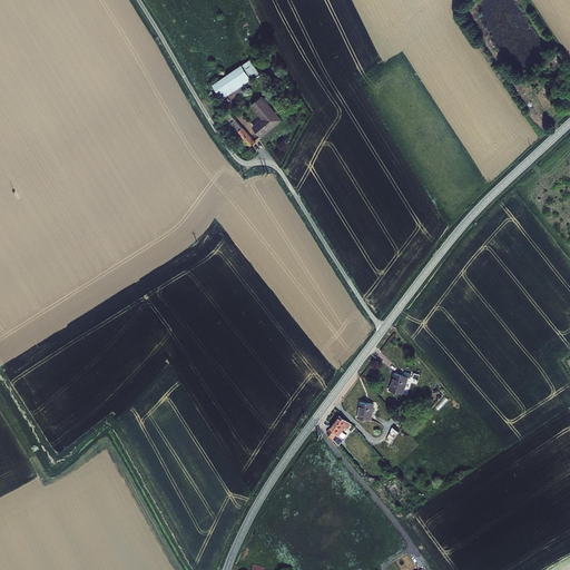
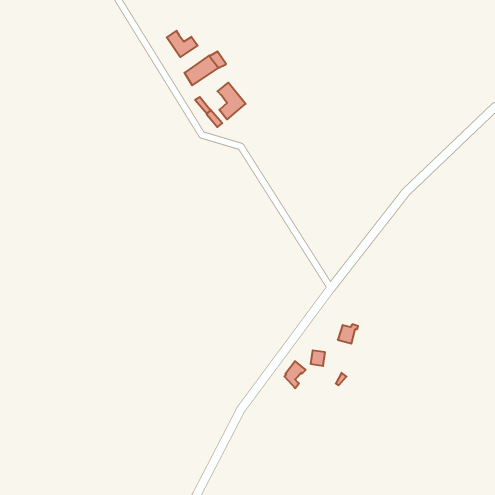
building: none -> [167,31,198,57]

